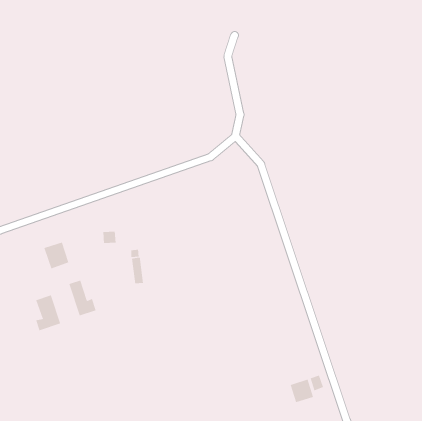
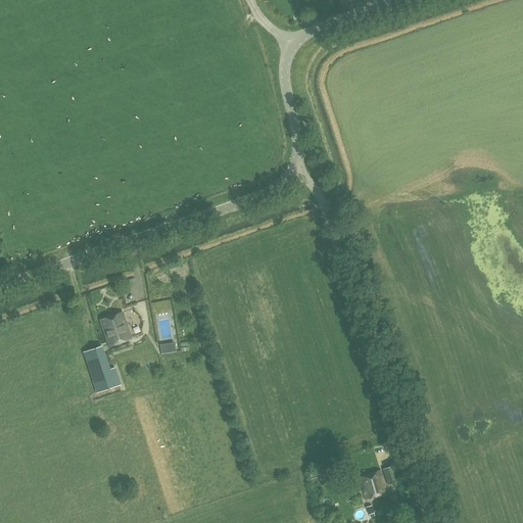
building: [43,242,69,269] -> [100,312,132,345]
building: [35,295,61,331] -> none

